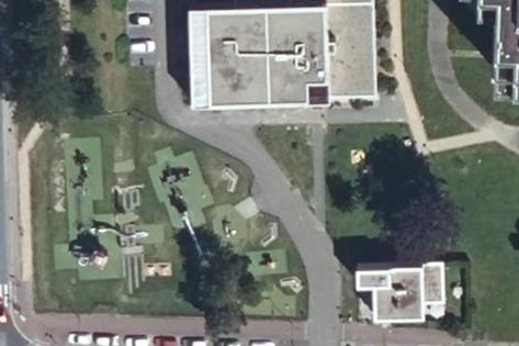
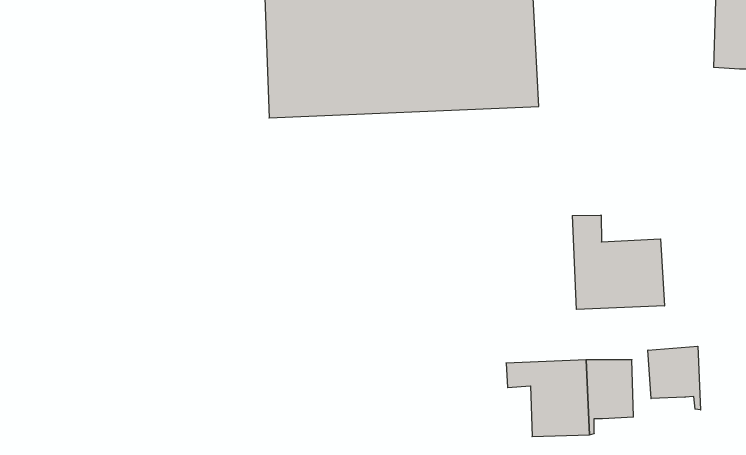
building: none -> [572,215,664,309]
building: none -> [648,346,701,410]

